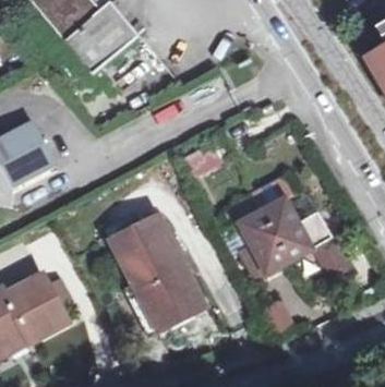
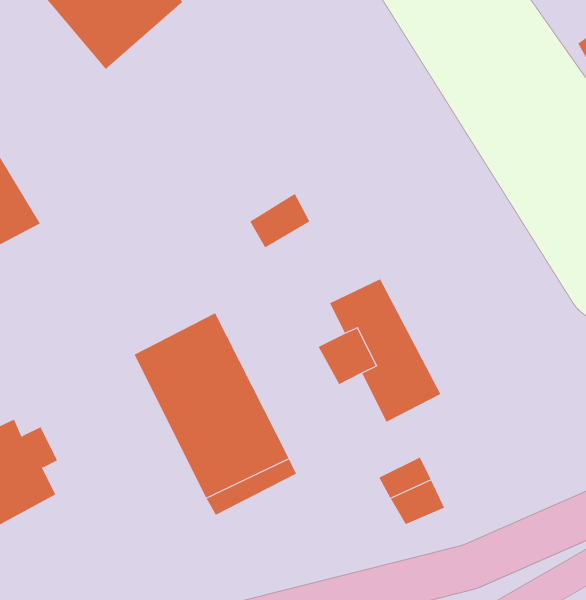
building: [253,182,350,280] -> none

